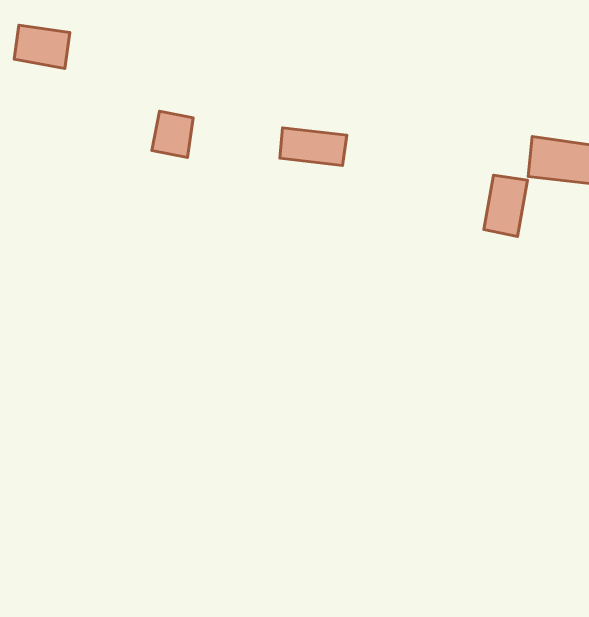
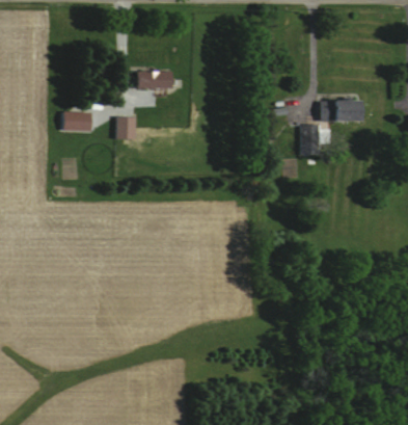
building: [14,25,70,68] -> [63,111,91,131]
building: [280,128,347,165] -> [137,70,172,87]

